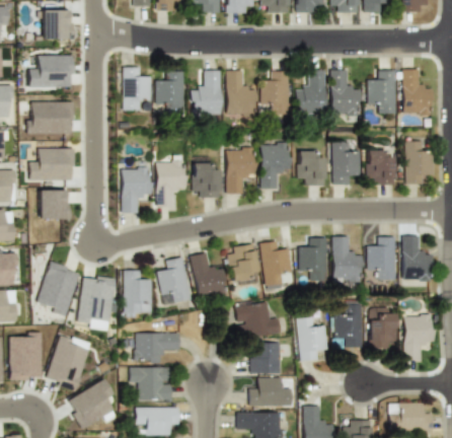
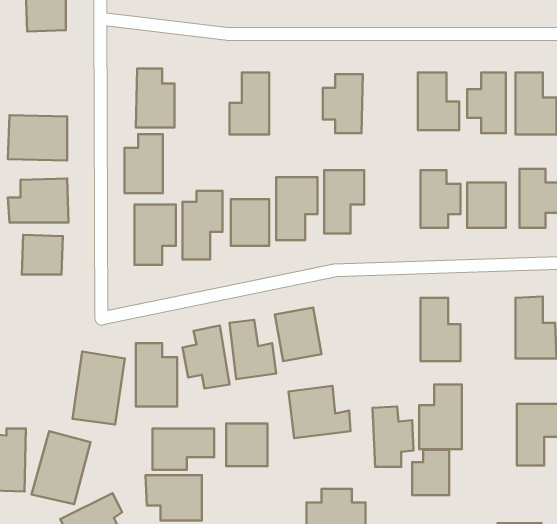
building: [28,56,72,87] -> none
building: [295,70,326,108] -> none
building: [156,71,184,115] -> [124,134,163,193]
building: [226,71,255,116] -> none
building: [298,152,325,186] -> none
building: [367,236,395,280] -> none
building: [298,237,327,280] -> none
building: [259,240,294,288] -> none
building: [36,263,79,316] -> none
building: [370,314,397,348] -> [412,450,449,495]
building: [250,343,281,374] -> [226,424,267,466]

